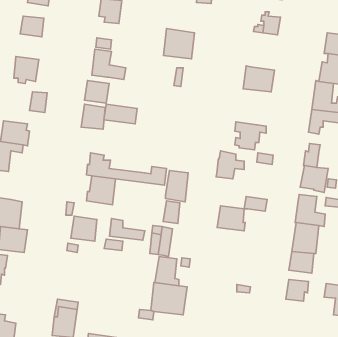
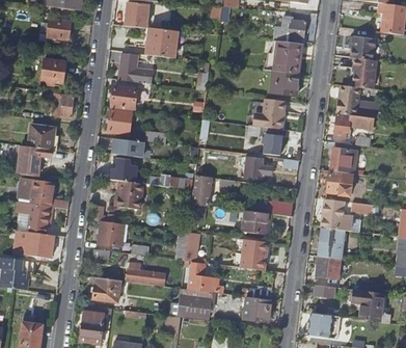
building: [164,29,195,59] -> [146,27,178,57]
building: none -> [277,41,305,74]
building: none -> [256,98,288,129]
building: [104,104,137,124] -> [111,137,144,157]
building: none -> [31,180,69,208]
building: [109,219,145,240] -> [127,261,162,283]
building: none -> [236,237,268,269]
building: none -> [92,276,119,300]
building: none -> [244,296,271,320]
building: none -> [308,312,333,337]

